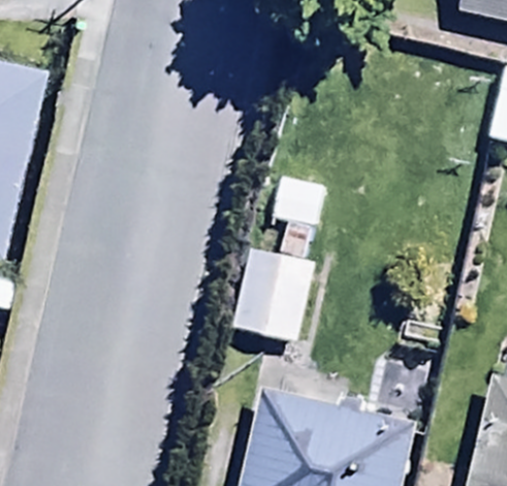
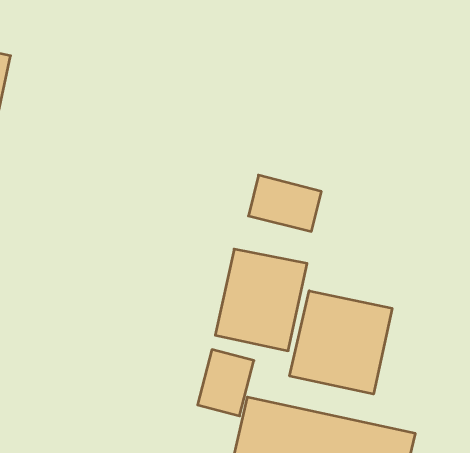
building: none -> [290,291,392,394]

